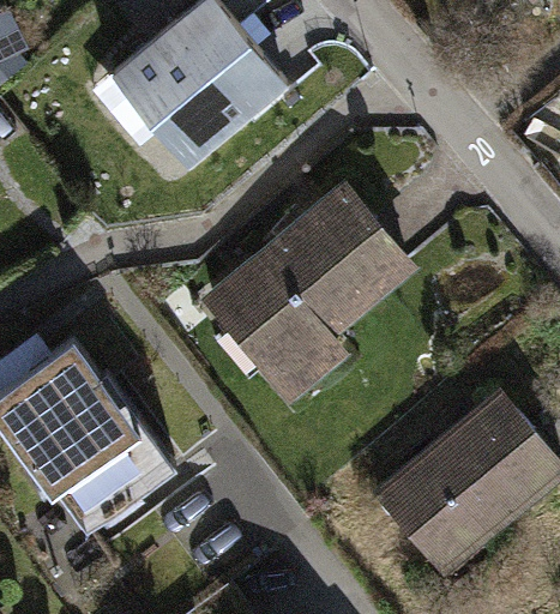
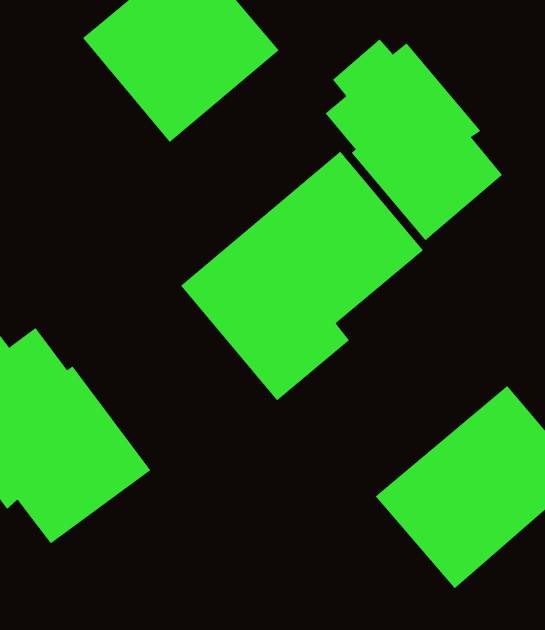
building: none -> [325,38,503,241]

